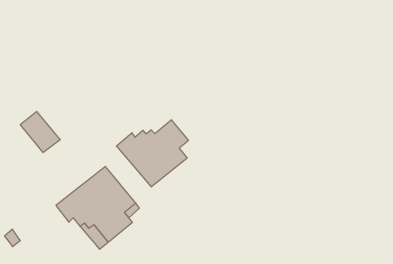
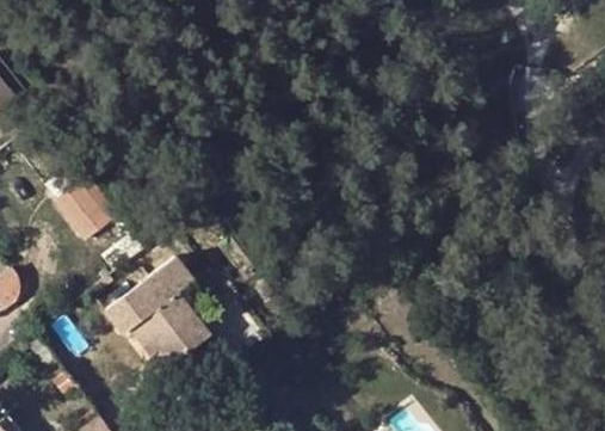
building: [116,120,188,187] -> none

